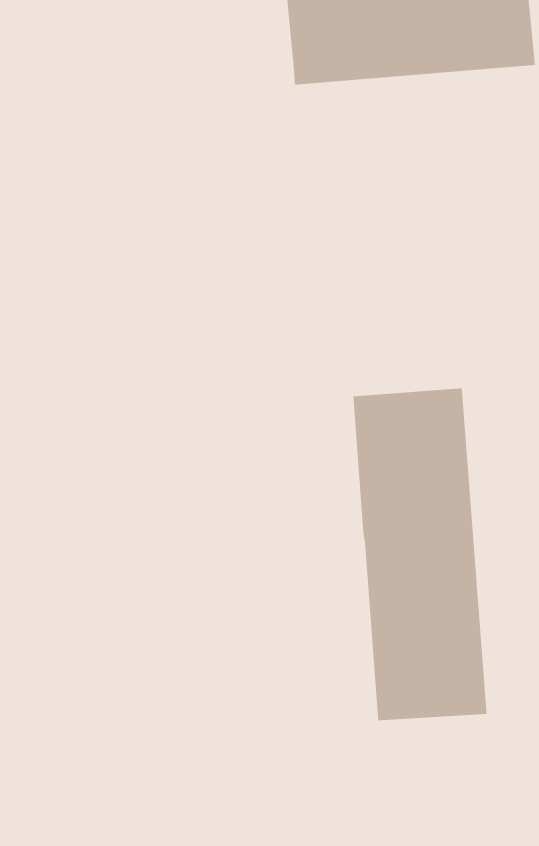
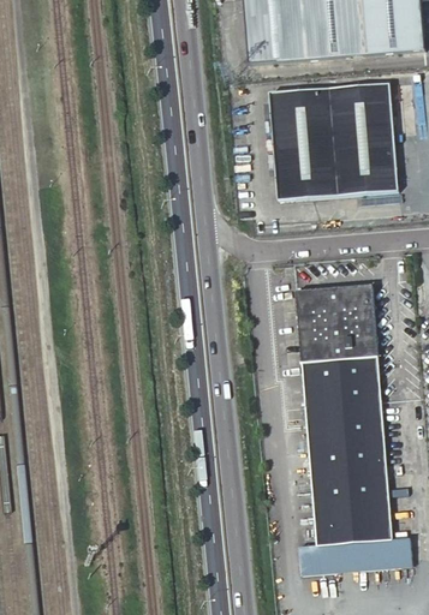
building: none -> [272,85,399,201]
building: none -> [298,517,412,573]

